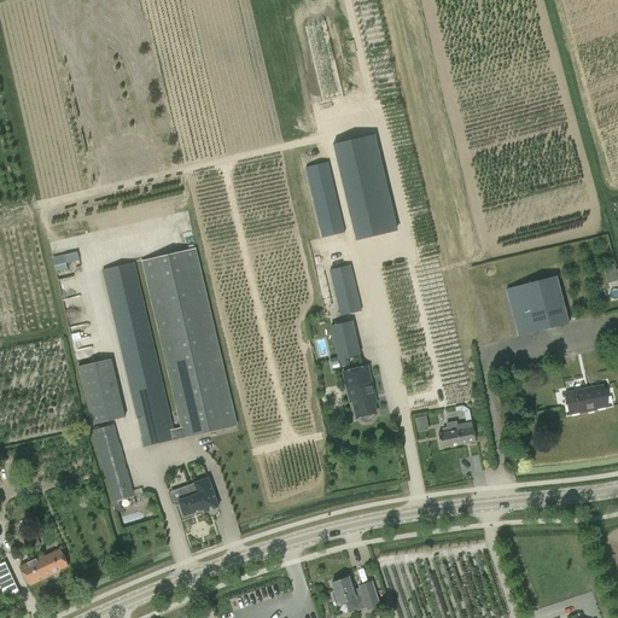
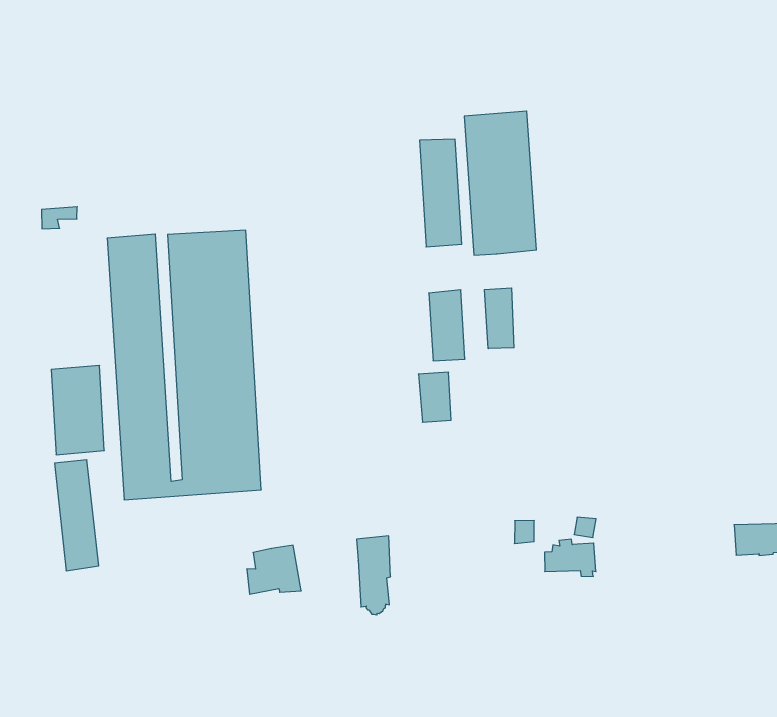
building: none -> [484,288,514,349]
building: [505,274,569,337] -> none
building: [345,366,375,421] -> [357,536,391,615]
building: [179,477,218,515] -> [247,545,301,594]

